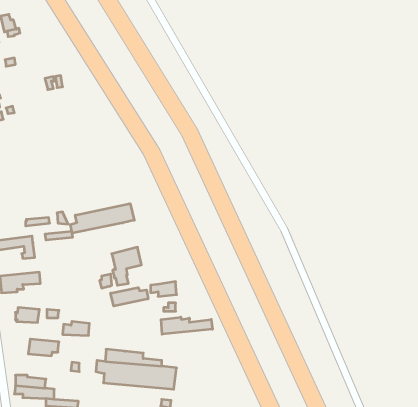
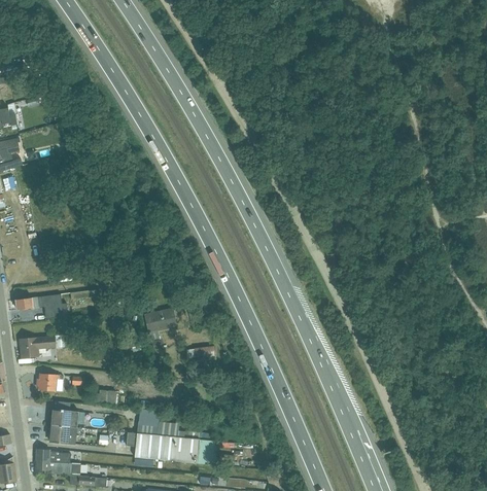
building: [70,204,134,233] -> none
building: [111,288,148,306] -> none
building: [161,317,212,334] -> none
building: none -> [48,425,82,444]

